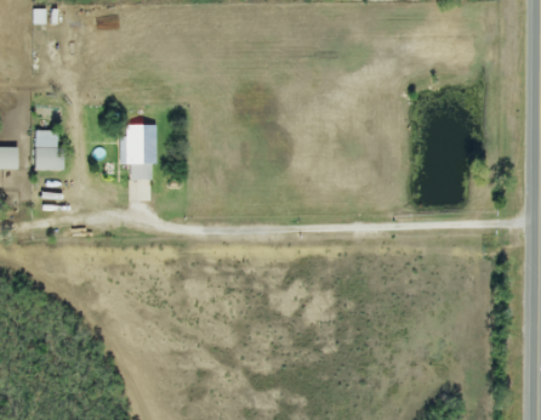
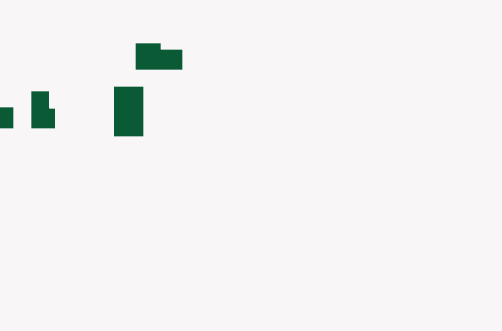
building: none -> [135,43,183,71]

